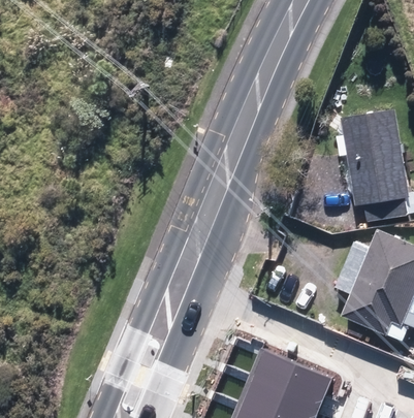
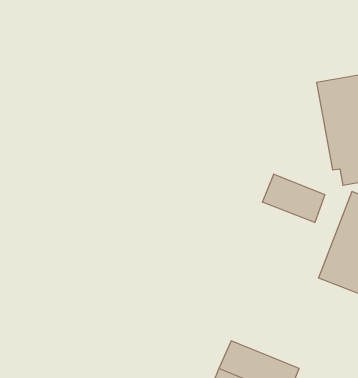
building: none -> [262,174,325,223]
building: [253,354,333,408] -> none

